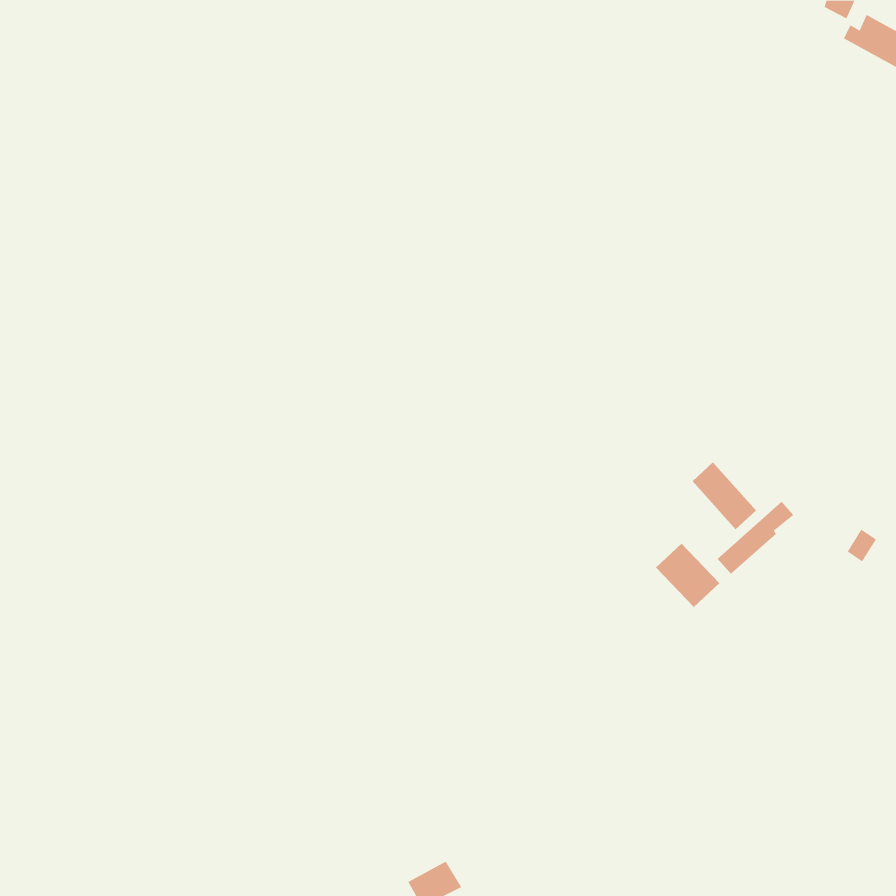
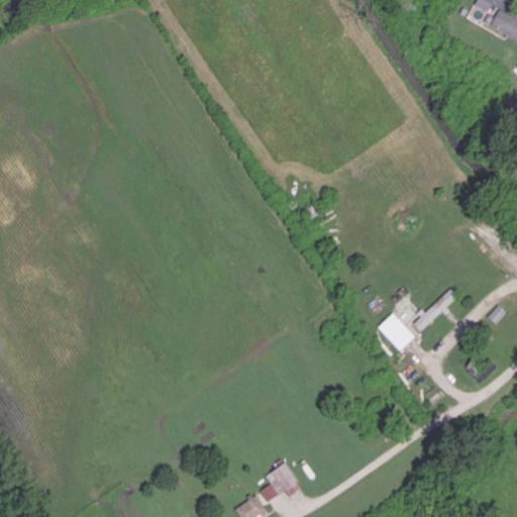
building: [692,462,757,530] -> none
building: none -> [260,462,302,502]

